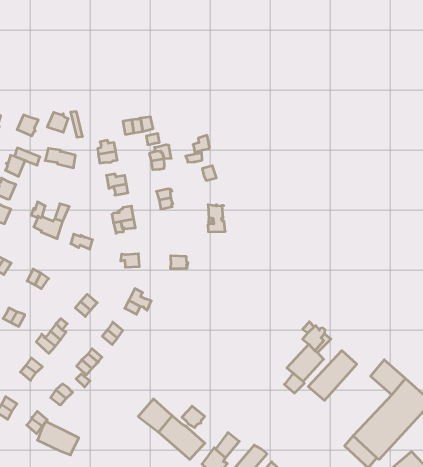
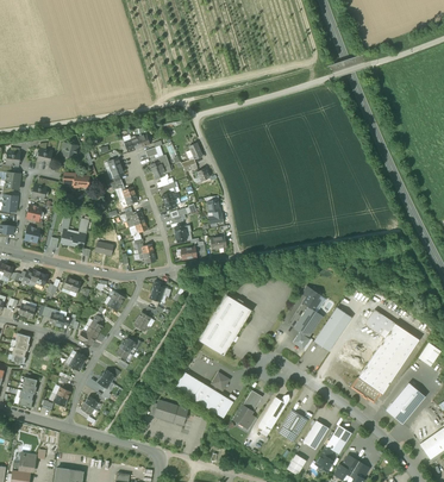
building: none -> [198,295,251,356]
building: [37,421,79,455] -> [154,400,188,425]

